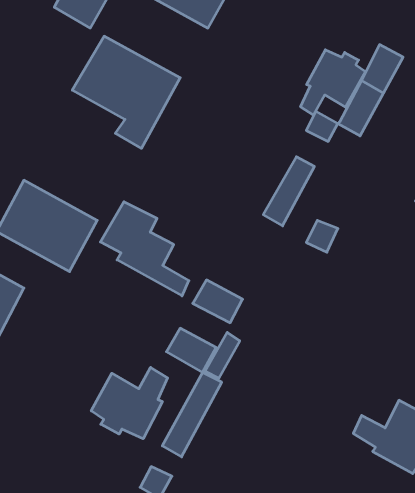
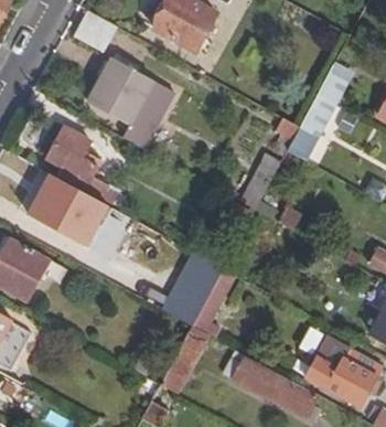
building: [301,50,365,115] -> none
building: [100,202,189,296] -> [46,128,117,203]
building: [91,367,168,439] -> none
building: none -> [226,354,319,417]

